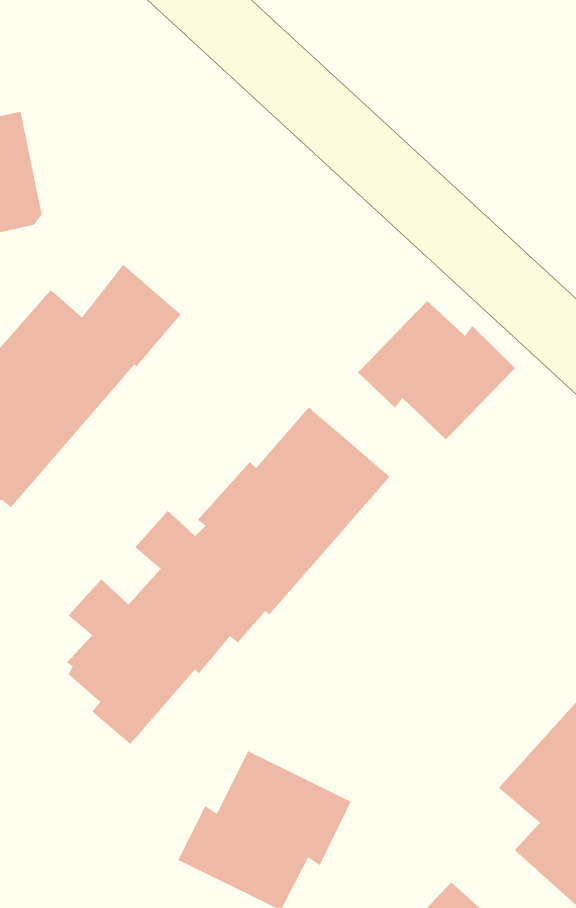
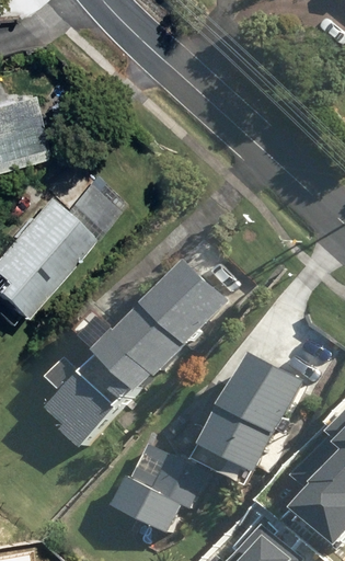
building: [357,300,516,440] -> none
building: none -> [202,348,303,469]

